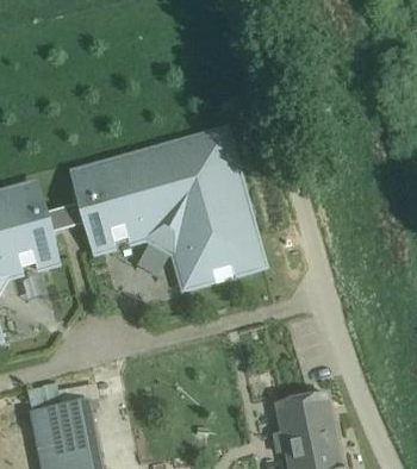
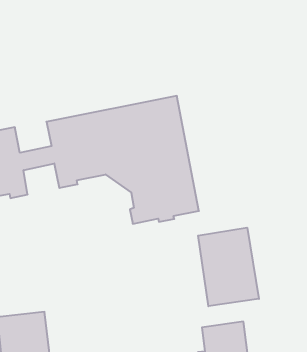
building: none -> [198,228,259,306]

